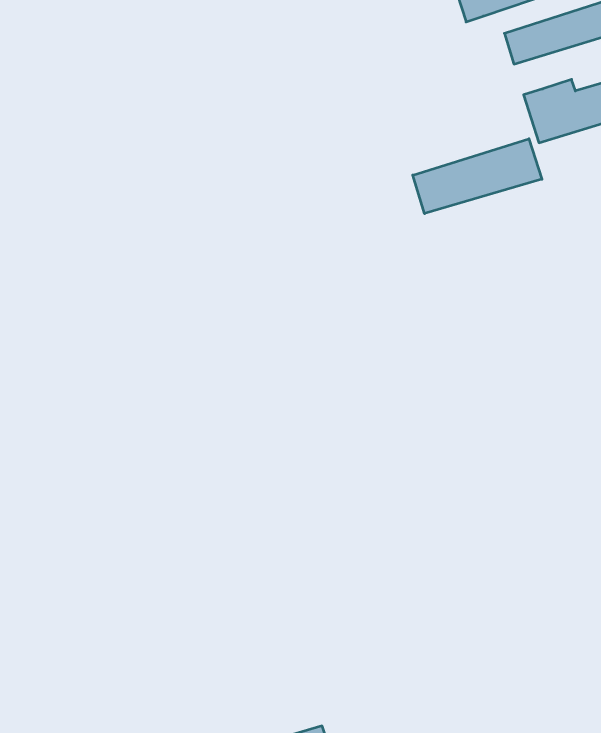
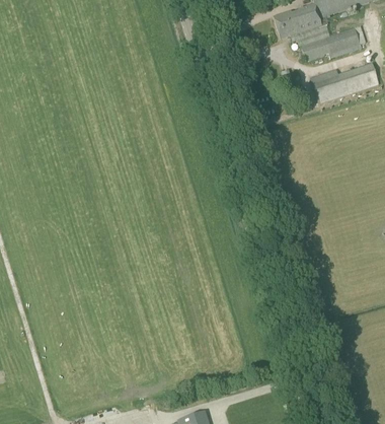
building: [413,139,542,214] -> none

